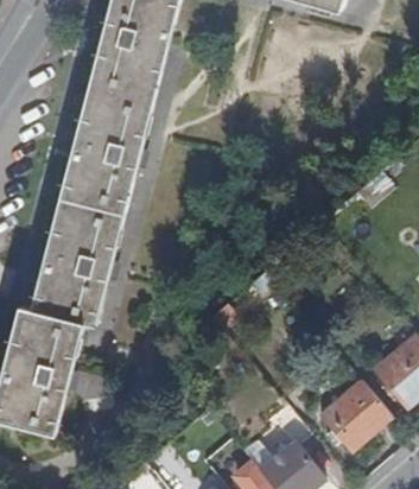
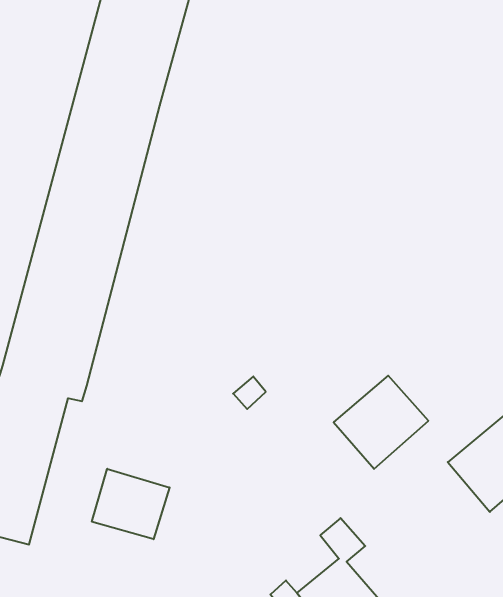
building: none -> [92,469,170,539]
building: [317,381,389,452] -> [334,376,428,469]

